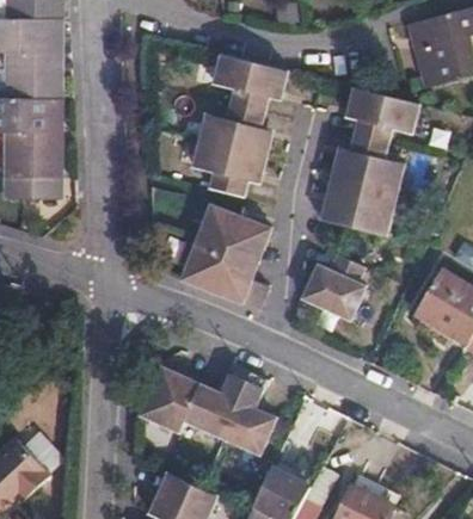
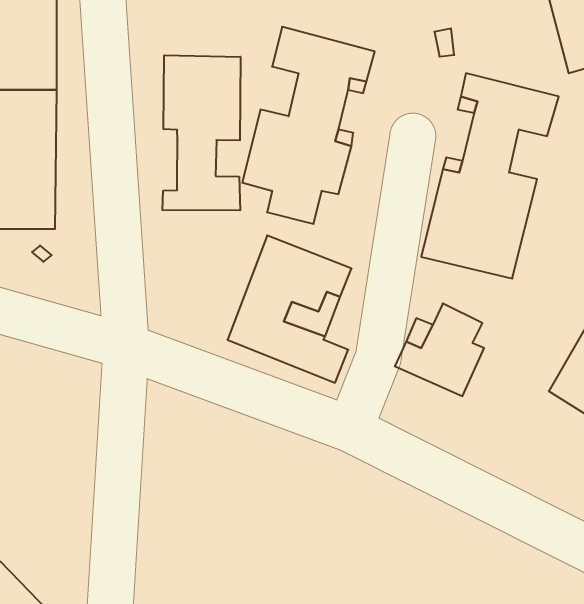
building: none -> [162,55,240,210]
building: [140,364,276,455] -> none

